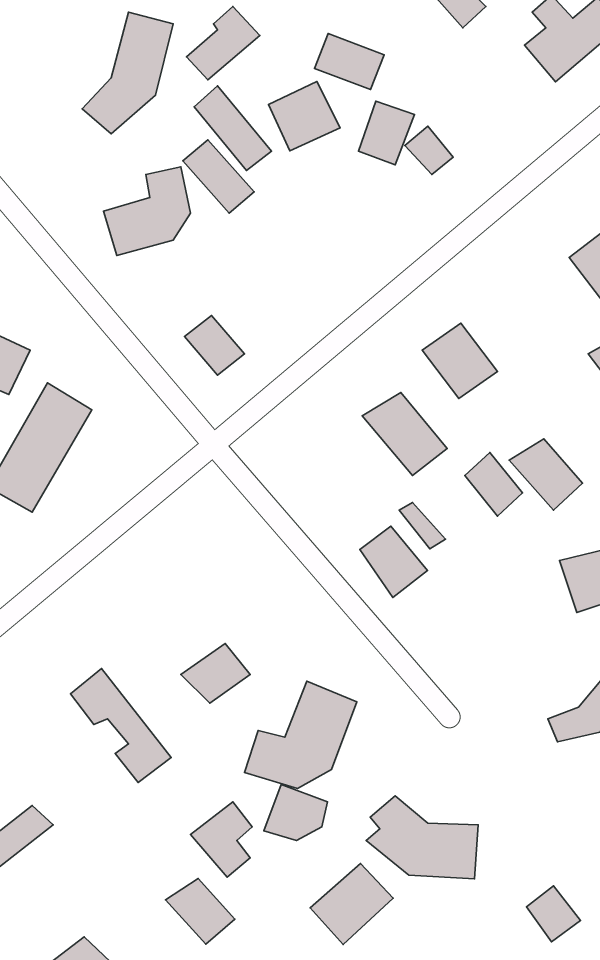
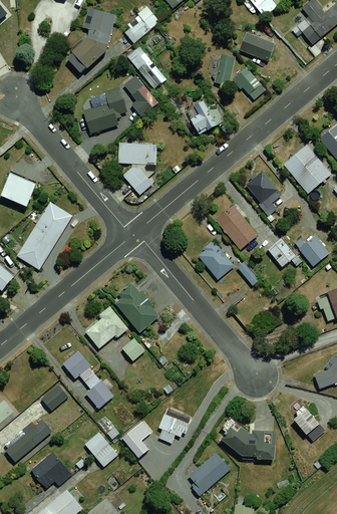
building: [315,34,384,90] -> [237,30,273,59]
building: [269,81,340,151] -> [187,99,224,136]
building: none -> [114,143,154,165]
building: none -> [281,145,328,193]
building: [360,526,428,598] -> [195,240,230,277]
building: none -> [113,281,162,332]
building: none -> [82,310,120,347]
building: [245,681,357,788] -> none
building: none -> [38,382,70,410]
building: none -> [31,451,70,489]
building: [165,878,235,944] -> [83,432,119,466]
building: [526,886,580,942] -> [294,407,322,436]

